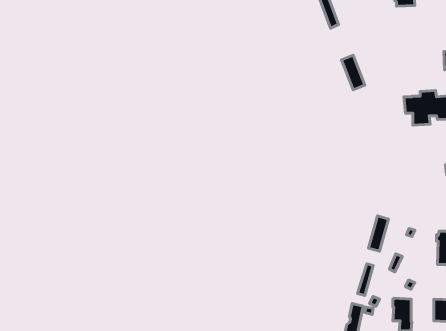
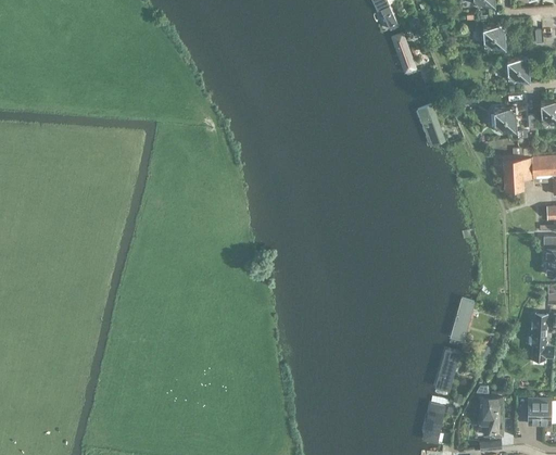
building: none -> [506,59,530,81]
building: none -> [493,109,517,132]

